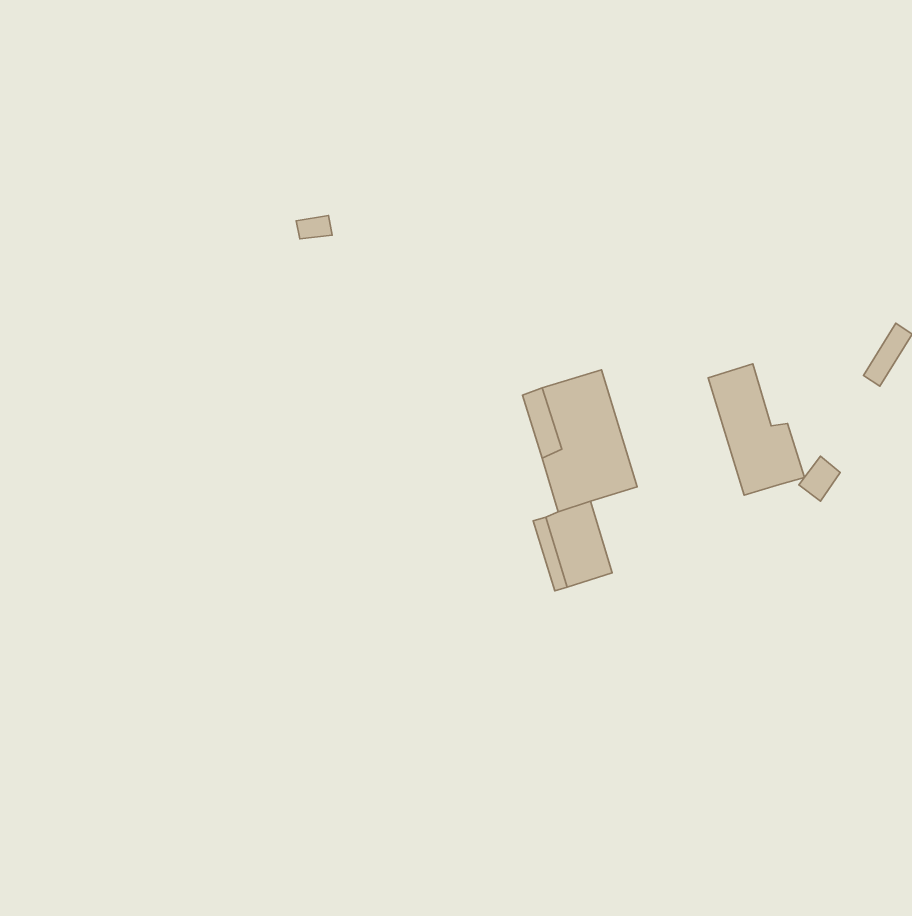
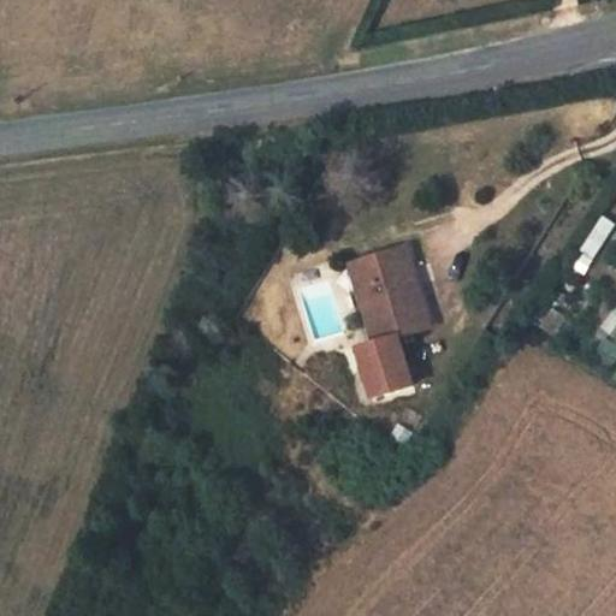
building: [708,364,804,495] -> none

